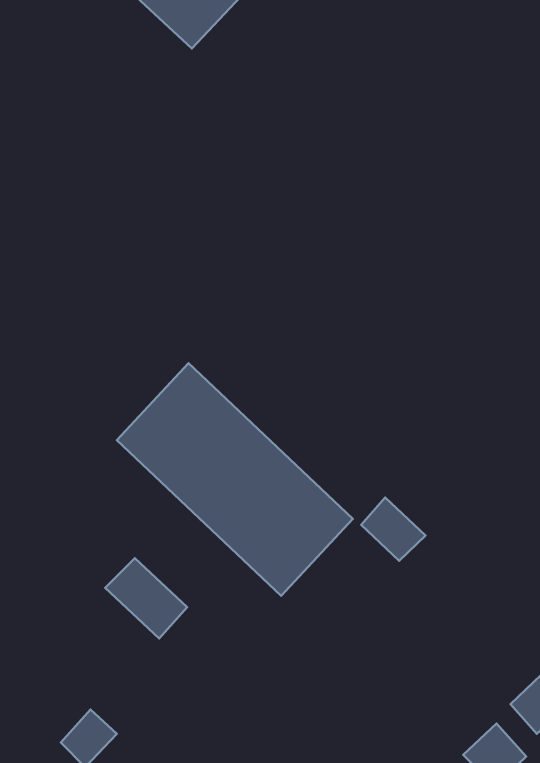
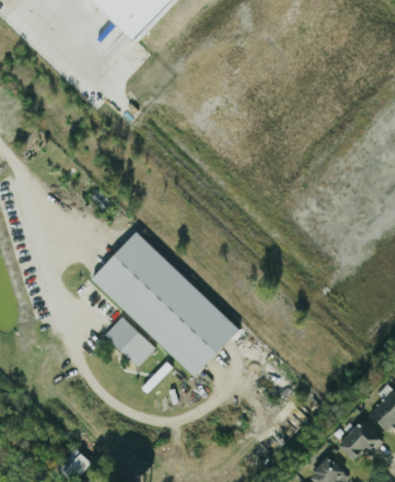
building: [361,497,425,561] -> none
building: [105,558,187,639] -> [104,316,155,366]

